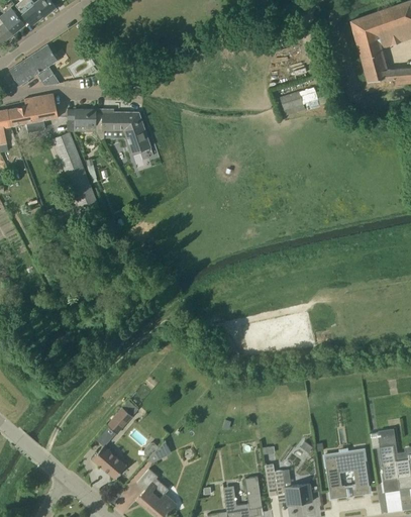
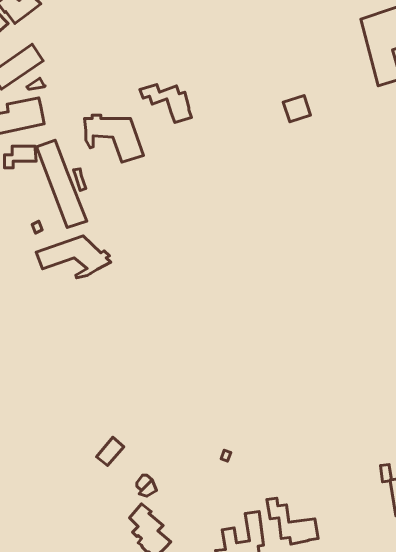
building: none -> [140,84,192,123]
building: [68,109,97,129] -> [4,146,36,168]
building: none -> [36,236,111,278]
building: [92,445,126,479] -> none
building: [324,448,370,499] -> none

